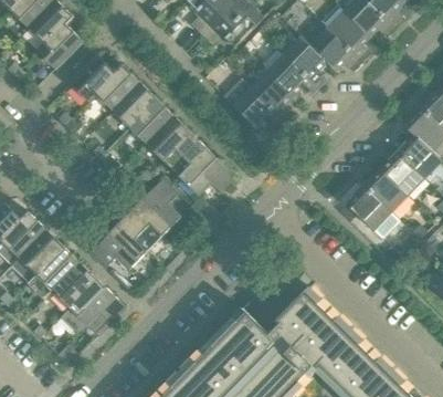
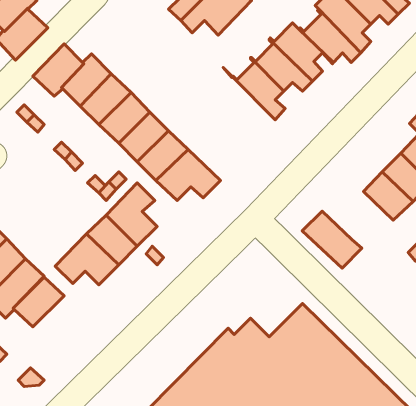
building: [220,76,284,133] -> none
building: [345,187,398,238] -> [302,211,362,268]
building: [59,280,125,336] -> none

